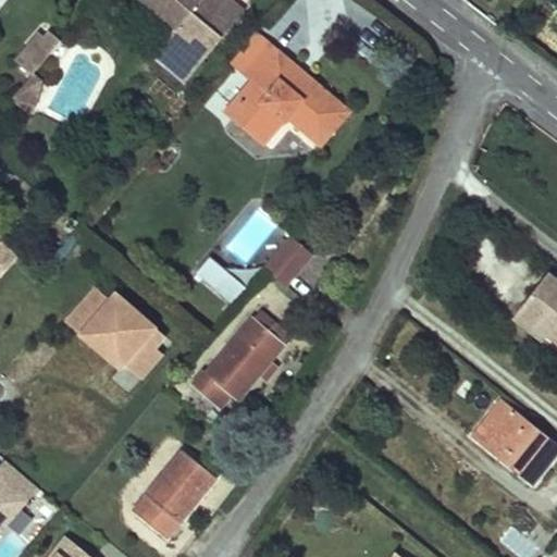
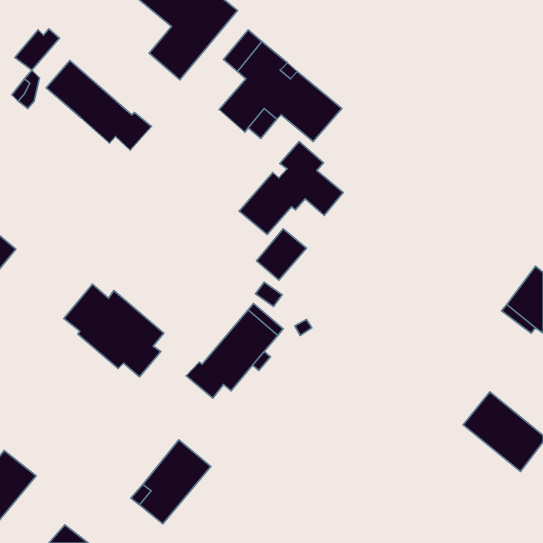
building: none -> [46,60,152,150]
building: none -> [239,141,343,235]
building: [195,259,246,307] -> none

